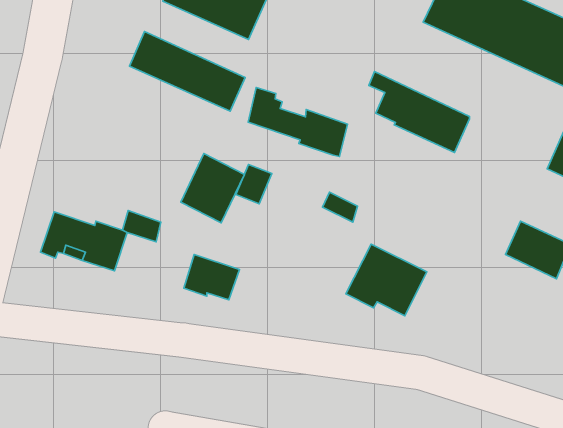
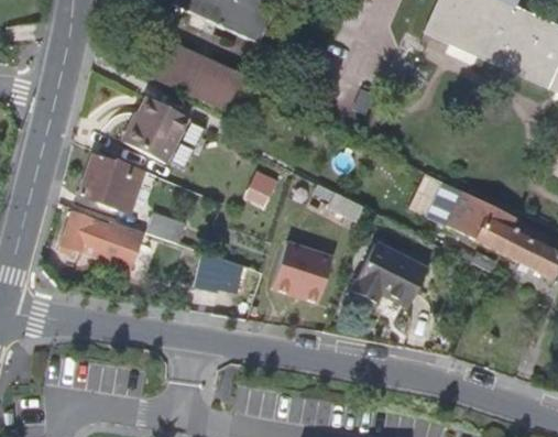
building: [369,72,469,153] -> [420,175,516,252]
building: [248,87,347,157] -> none
building: none -> [79,155,135,208]
building: [181,154,244,223] -> [127,98,187,164]
building: none -> [272,236,336,301]

